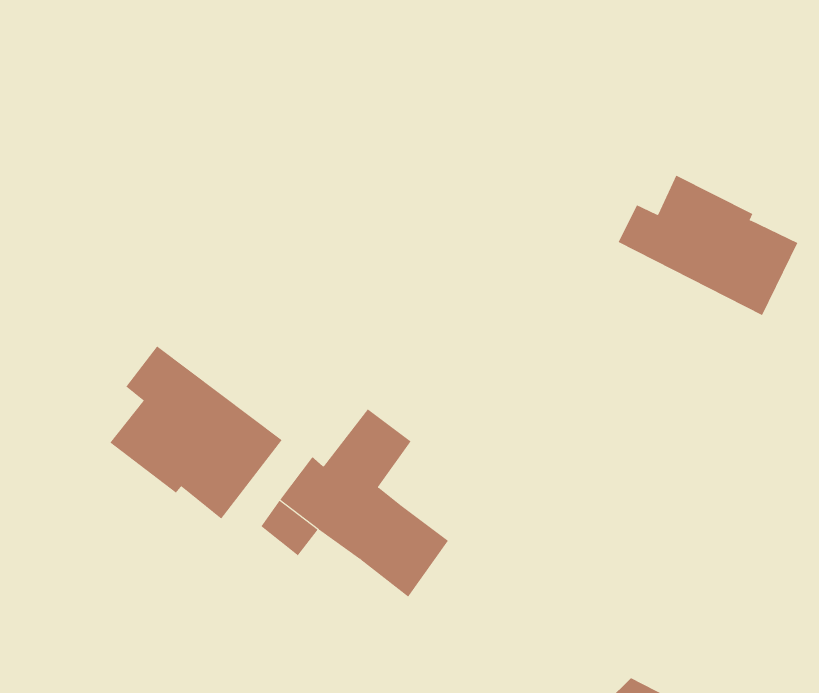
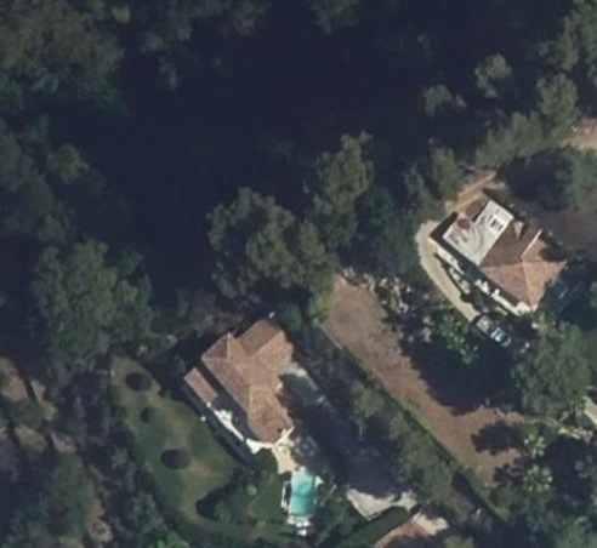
building: [109,345,283,519] -> none

